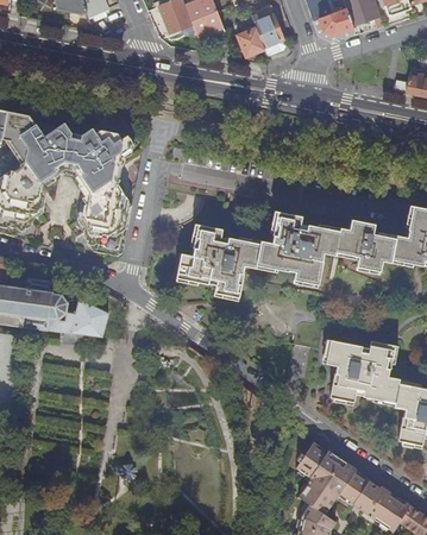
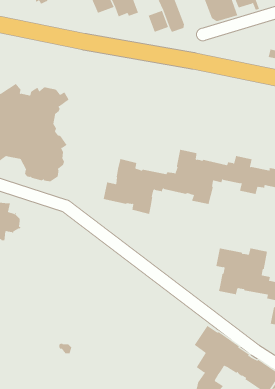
building: [49,300,109,336] -> none

